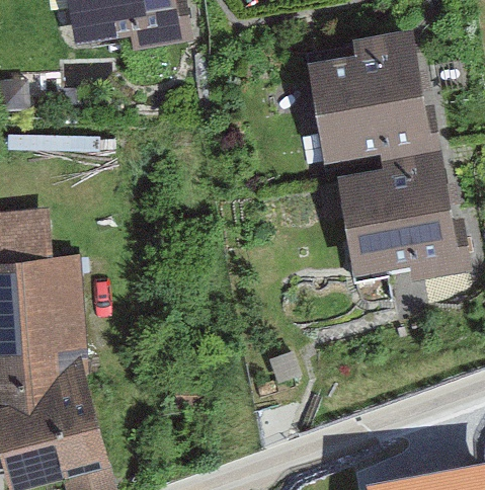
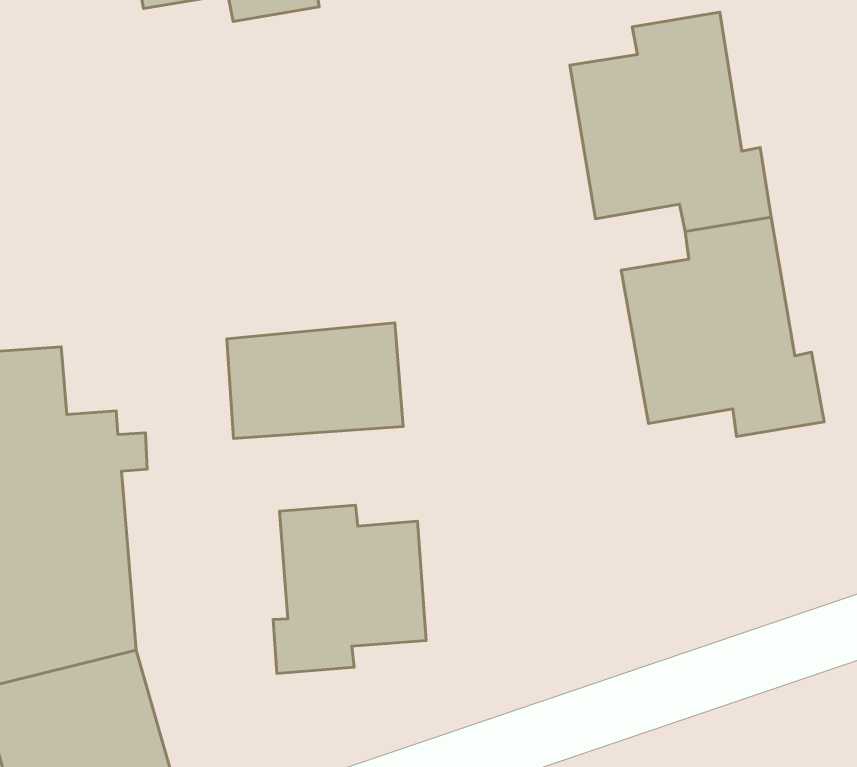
building: none -> [227,323,403,439]
building: none -> [273,505,426,674]

